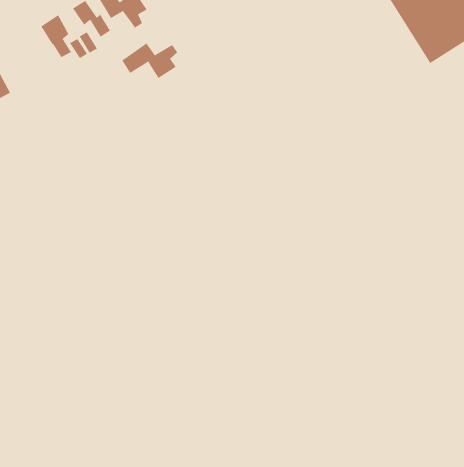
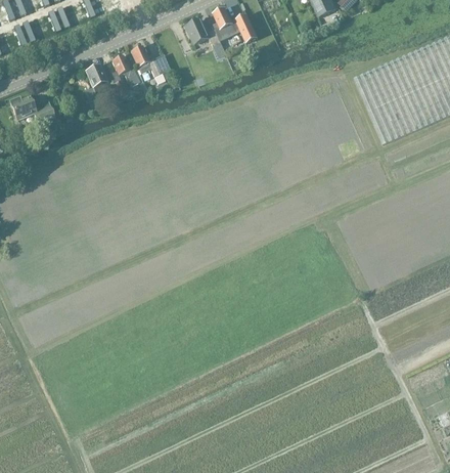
building: [121,43,178,79] -> none

